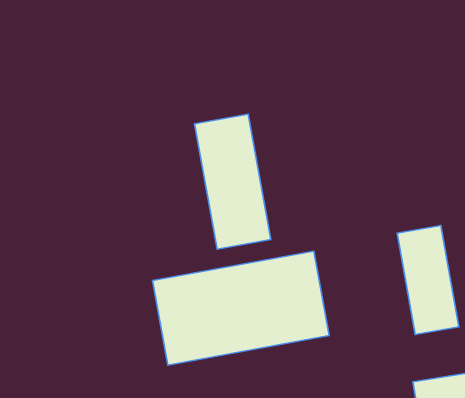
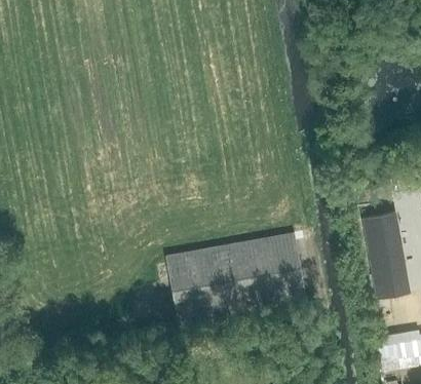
building: [194,114,271,249] -> none

